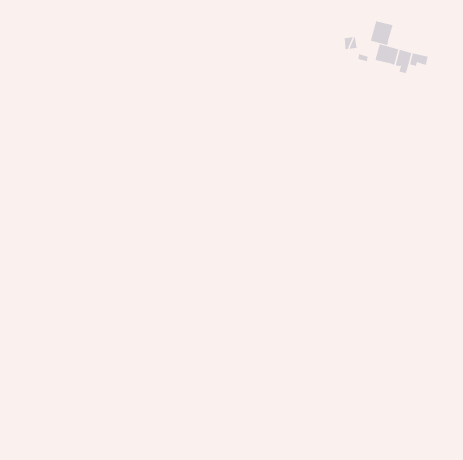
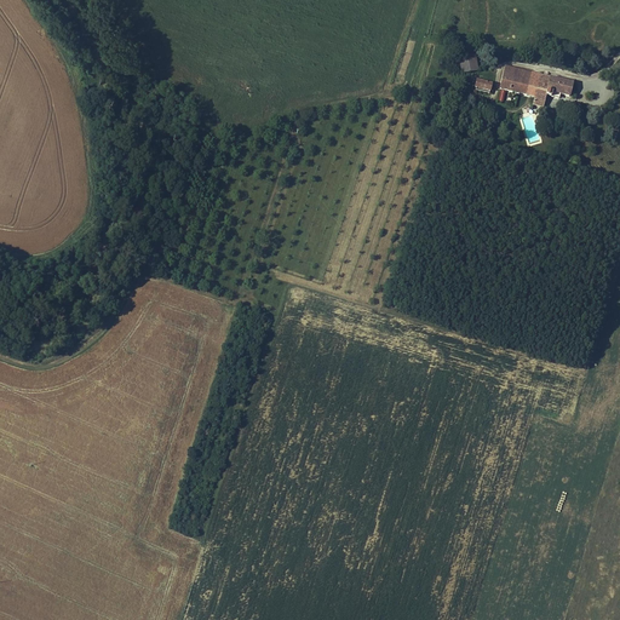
building: [370,20,393,46] -> none

